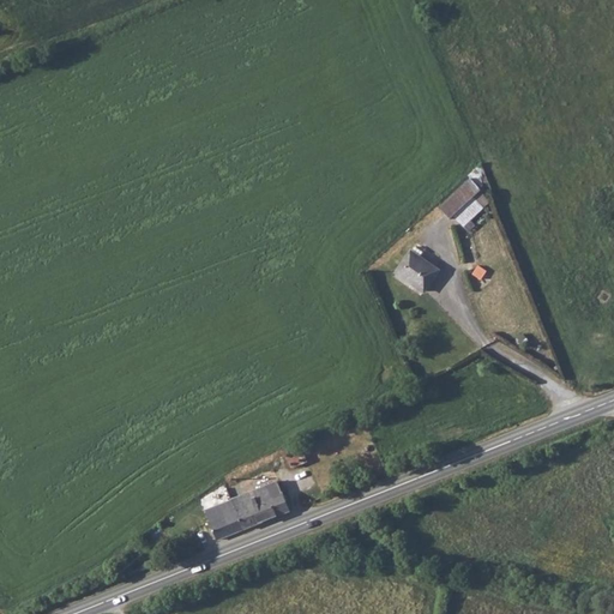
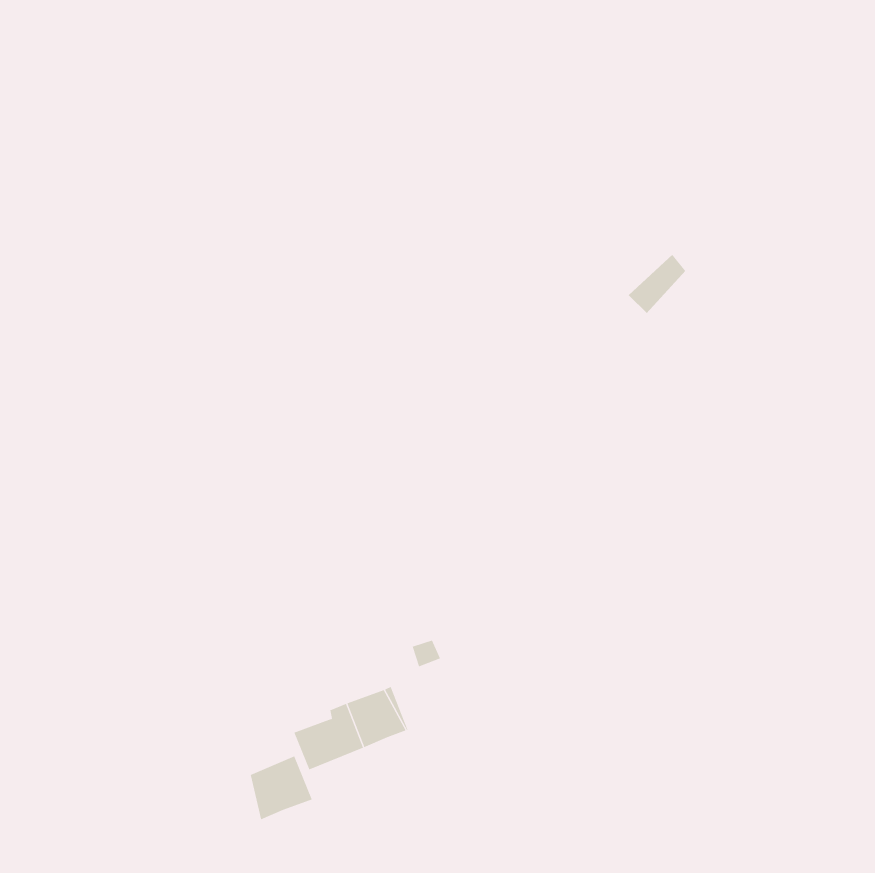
building: [399,254,440,294] -> none
building: none -> [250,756,312,820]

